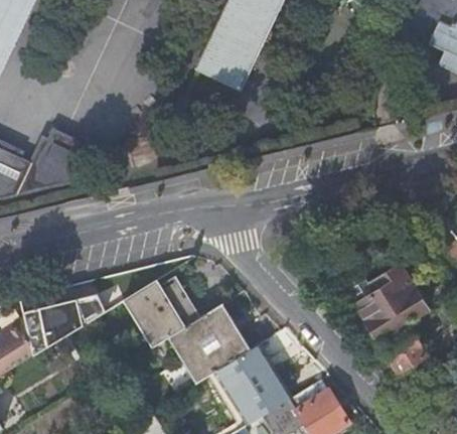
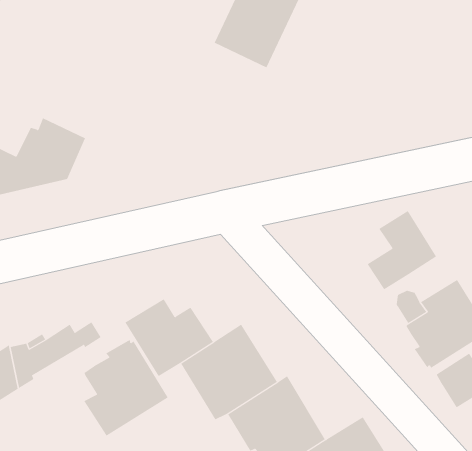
building: none -> [367,210,437,290]
building: none -> [84,339,169,436]

